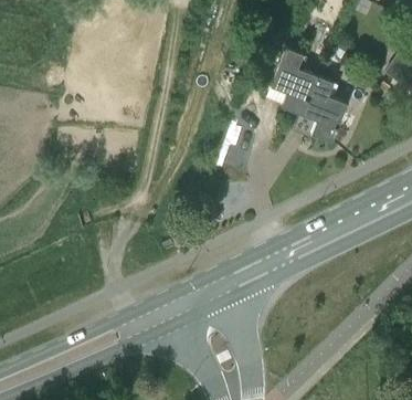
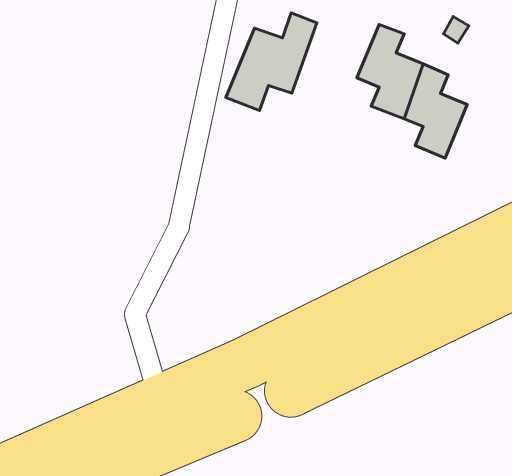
building: none -> [226,13,317,110]

